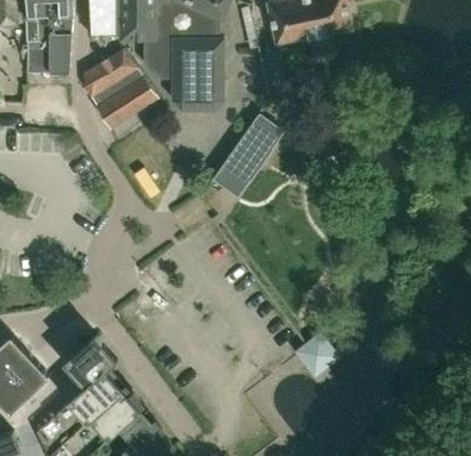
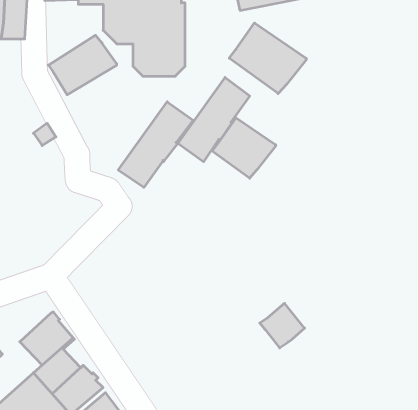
building: [82,51,136,100] -> none
building: none -> [229,23,306,94]
building: none -> [118,102,193,187]
building: none -> [212,118,276,178]

